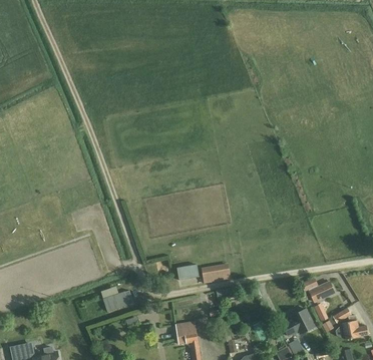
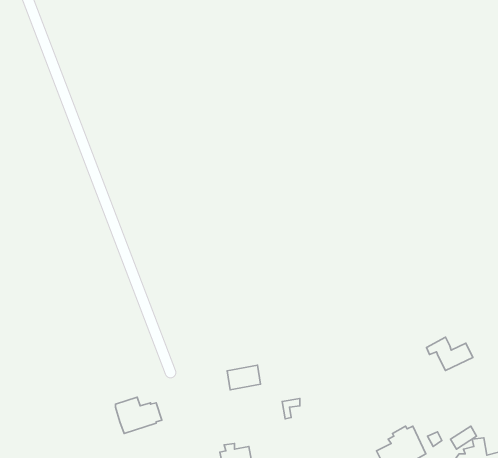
building: [202,264,230,283] -> none
building: [302,278,334,301] -> [427,337,473,371]

